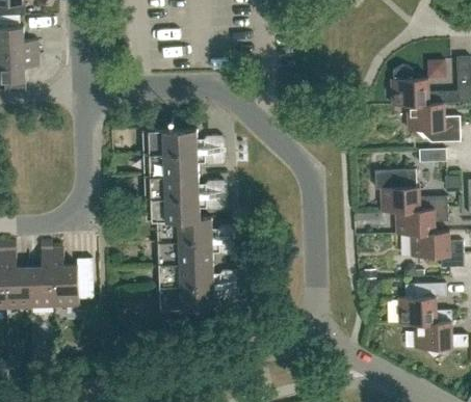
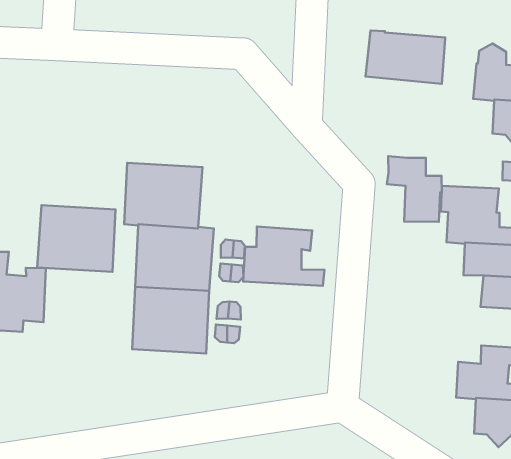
building: none -> [366,30,445,84]
building: [142,129,199,177] -> [37,205,116,272]
building: none -> [387,156,442,222]
building: none -> [243,227,325,286]

